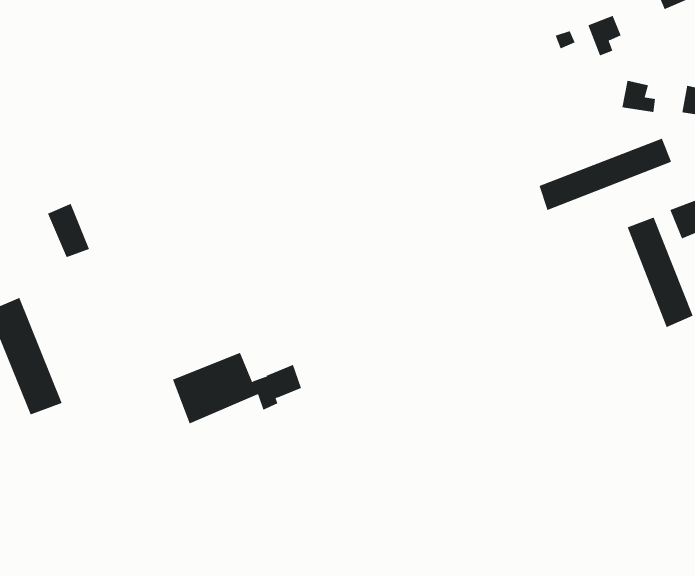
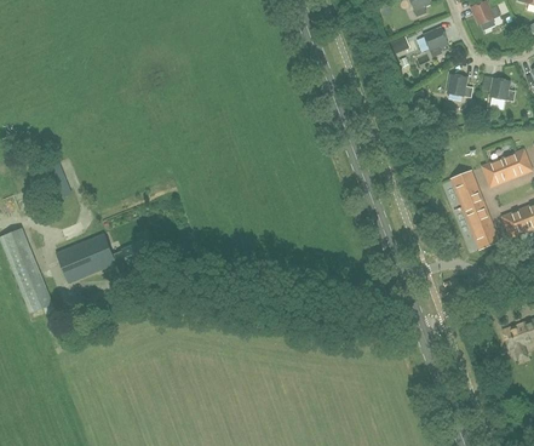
building: [539,138,672,211] -> none
building: [172,352,302,424] -> [54,231,147,282]

